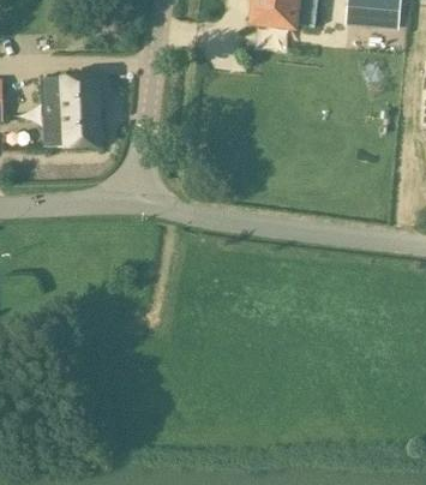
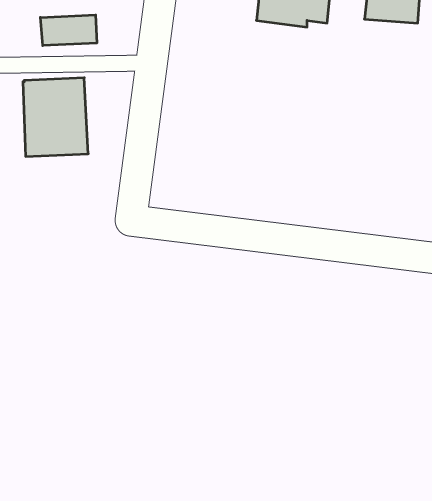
building: none -> [40,15,97,46]

